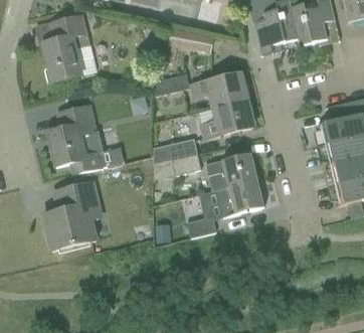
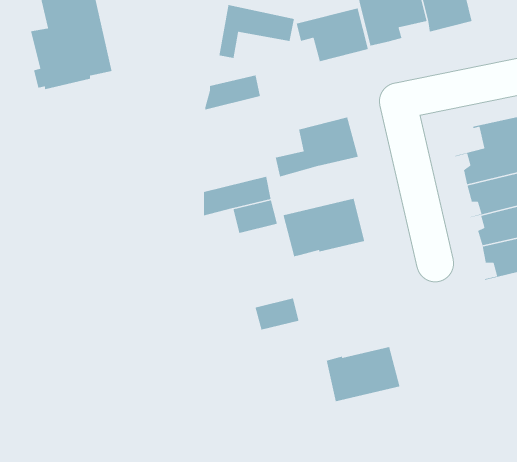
building: [200,72,247,108] -> [296,7,369,62]
building: [47,105,108,175] -> none
building: [217,180,265,216] -> [326,346,401,402]
building: [42,183,97,251] -> none

